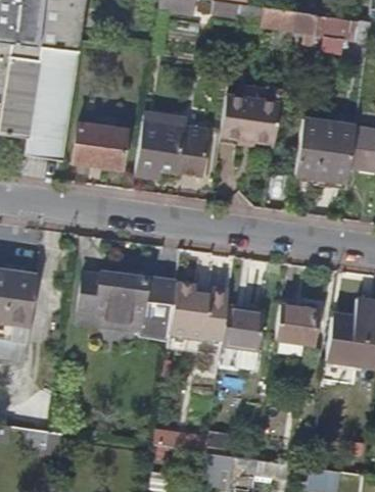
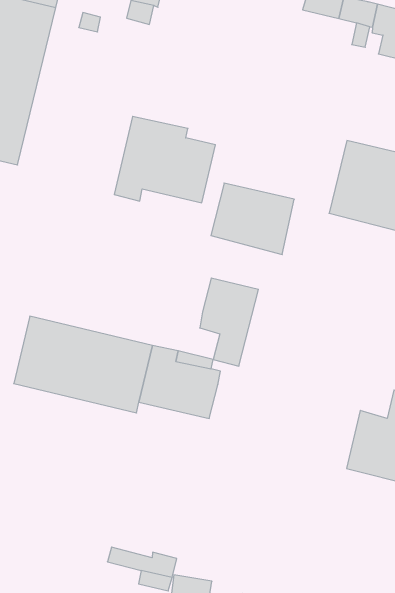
building: [221,94,280,143] -> [211,183,294,255]
building: [75,121,128,166] -> none
building: [277,302,323,343] -> none
building: [222,307,263,371] -> [200,278,258,366]

